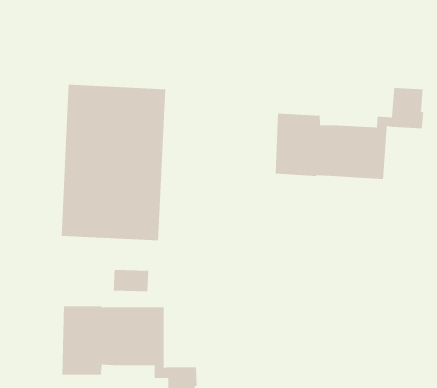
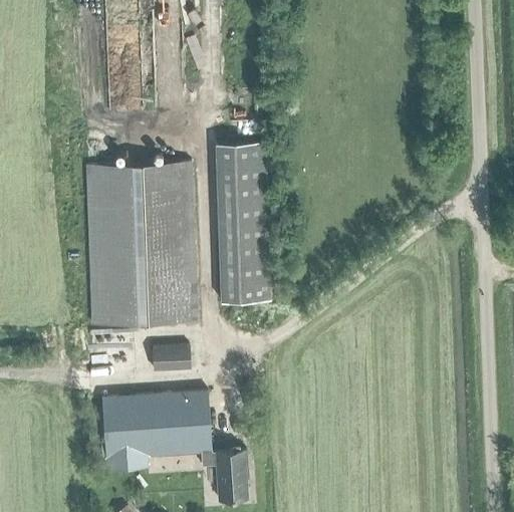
building: none -> [216,148,271,308]
building: [275,87,424,180] -> none

